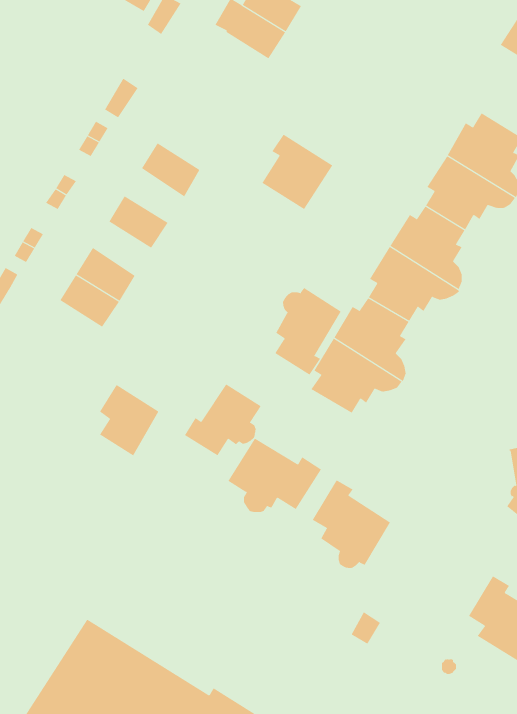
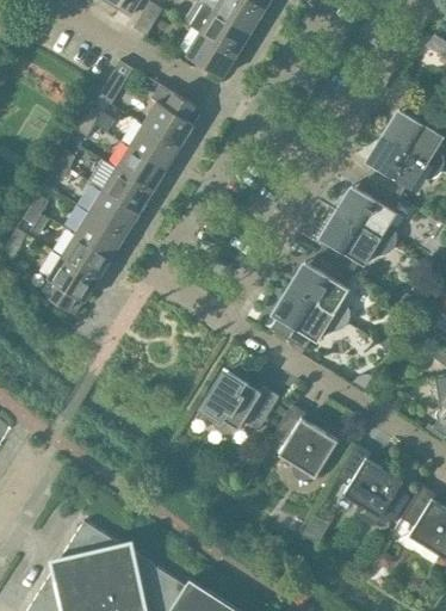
building: none -> [185,32,235,78]
building: [262,134,333,210] -> [142,84,202,147]
building: none -> [114,146,165,191]
building: none -> [88,190,137,235]
building: [275,287,341,376] -> none
building: [184,384,261,456] -> none
building: [99,384,159,456] -> [47,255,97,315]
building: none -> [335,444,409,527]

